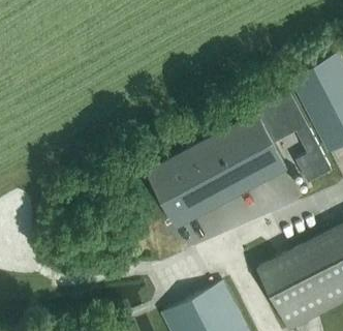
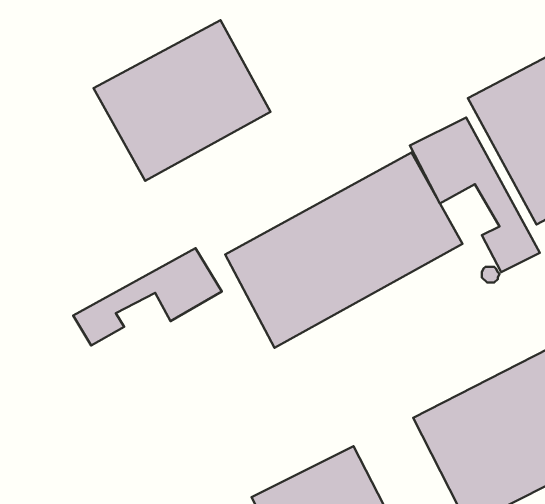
building: none -> [93,20,271,181]
building: none -> [73,248,222,345]

